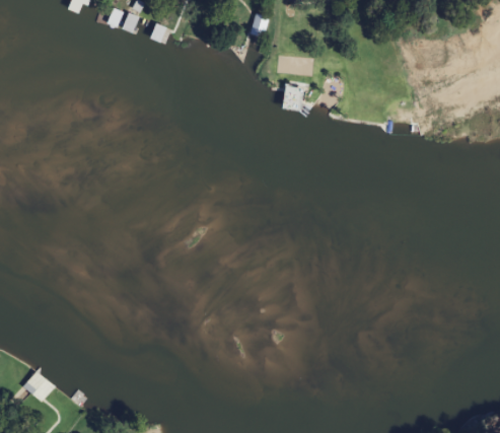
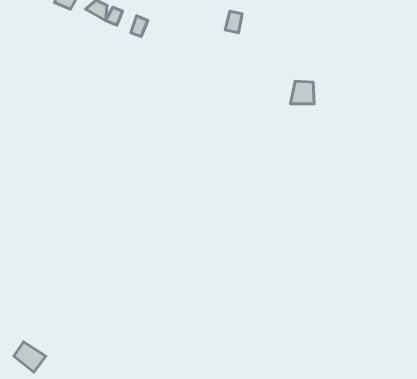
building: [282,83,307,107] -> [291,81,314,104]

